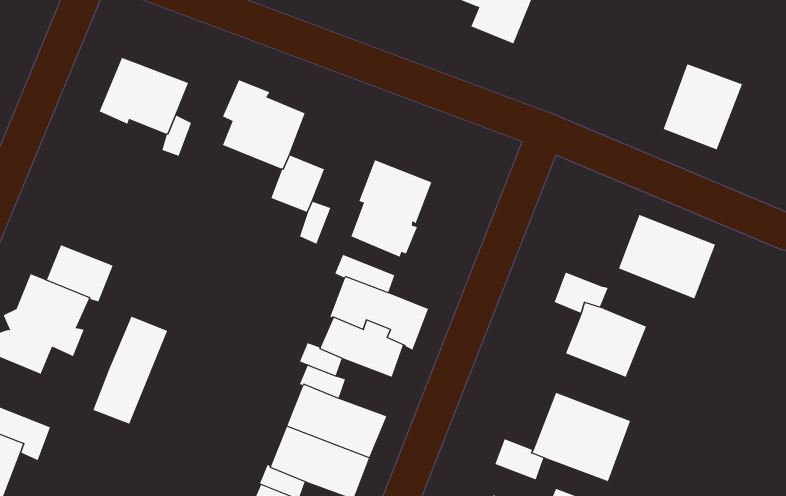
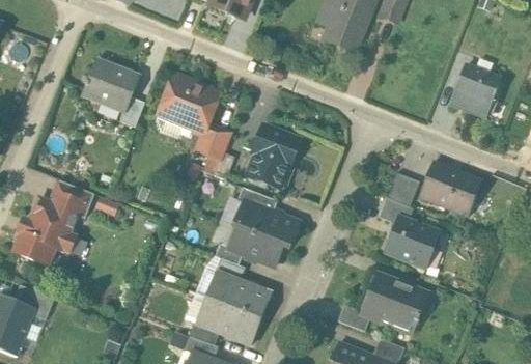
building: none -> [386,171,420,207]
building: [93,316,168,425] -> none

